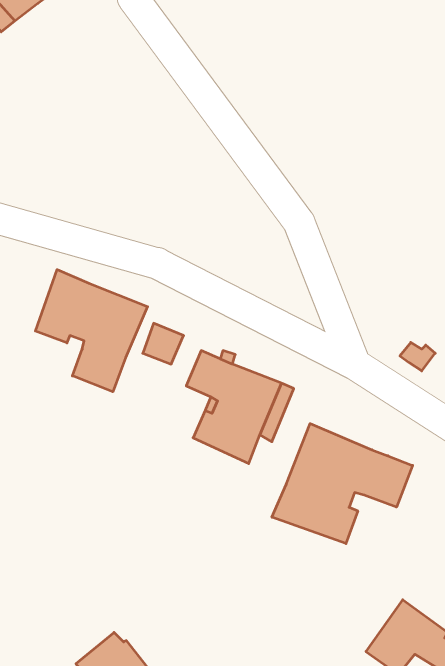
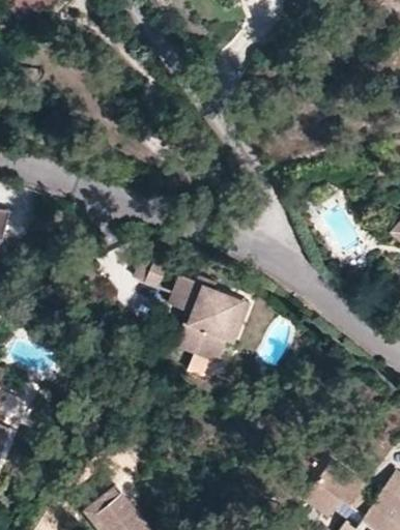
building: [35,270,148,392] -> none
building: [272,424,413,544] -> none

